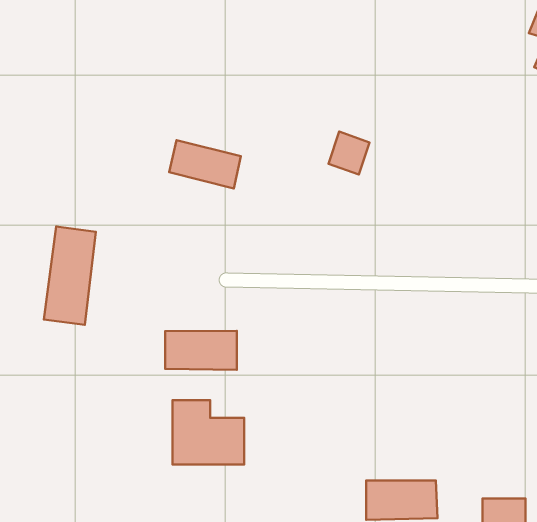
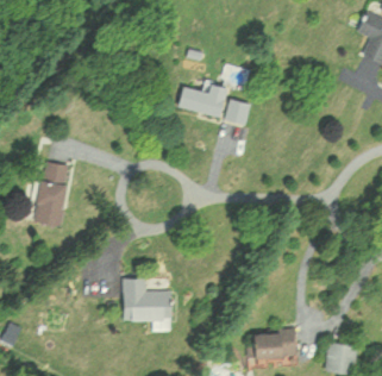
building: [169,140,241,188] -> [177,87,225,119]
building: [165,331,237,370] -> none

